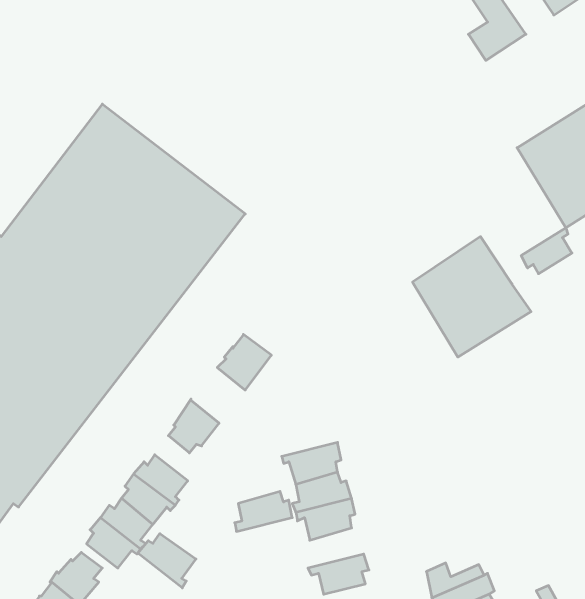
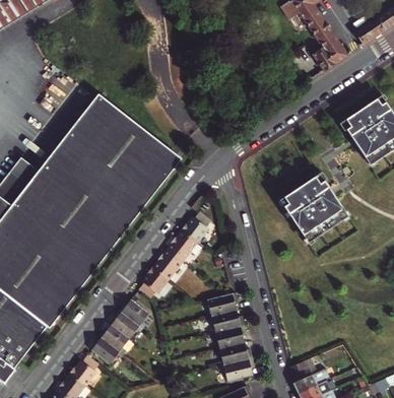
building: [521,228,572,274] -> none
building: none -> [182,210,212,241]
building: none -> [151,248,183,280]
building: [235,491,292,531] -> [218,341,252,364]
building: [138,534,196,588] -> none

